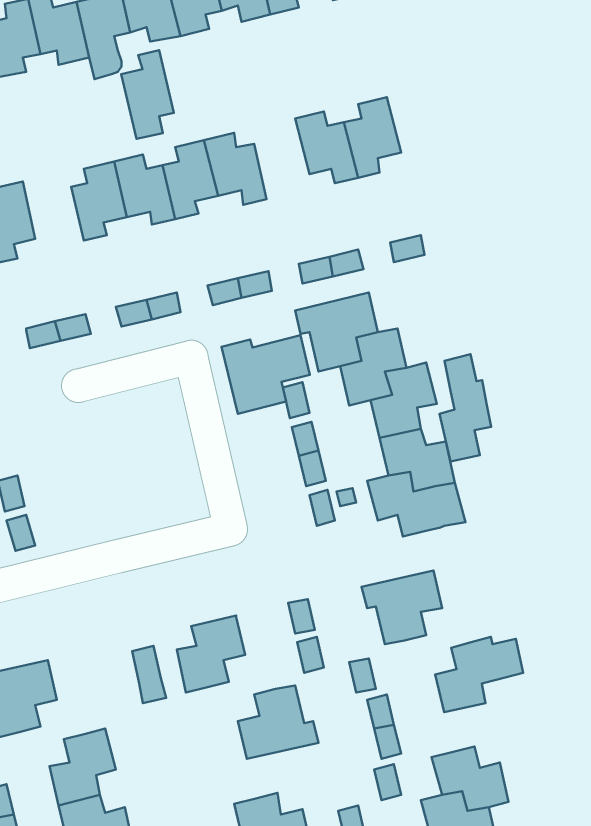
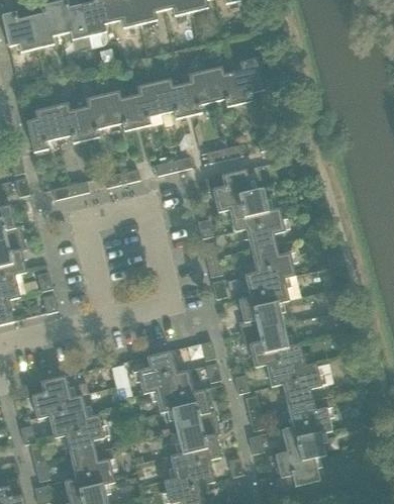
building: [121,50,174,139] -> none
building: none -> [181,70,212,115]
building: none -> [51,102,85,141]
building: [222,335,310,414] -> none
building: [440,354,491,462] -> none
building: none -> [238,293,282,333]
building: none -> [266,342,303,385]
building: none -> [155,369,193,412]
building: none -> [48,394,86,437]
building: none -> [288,399,330,435]
building: none -> [177,421,219,462]

